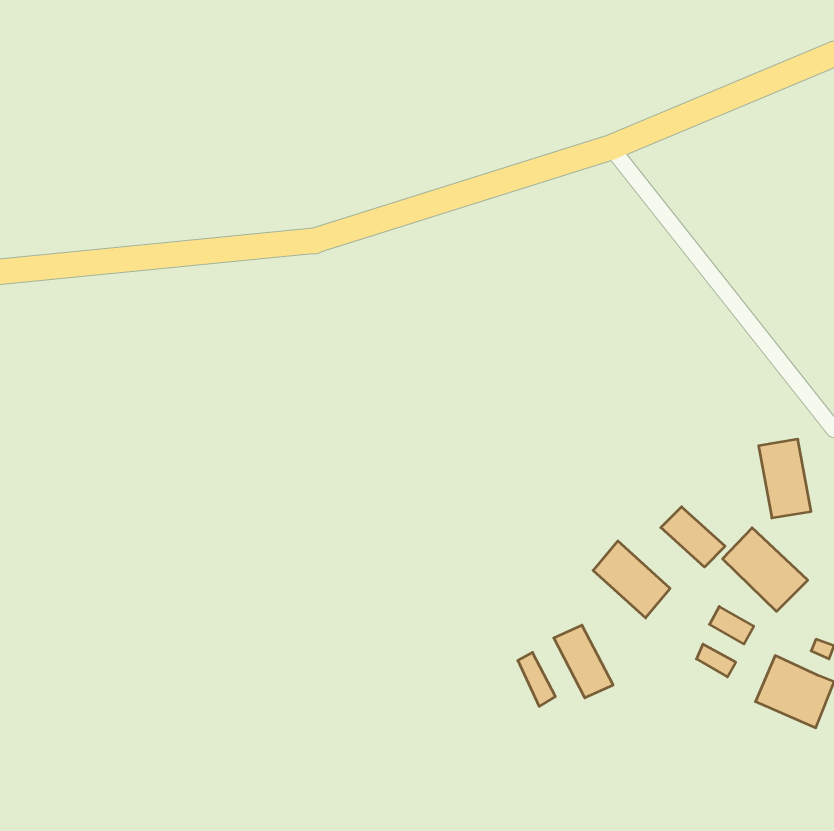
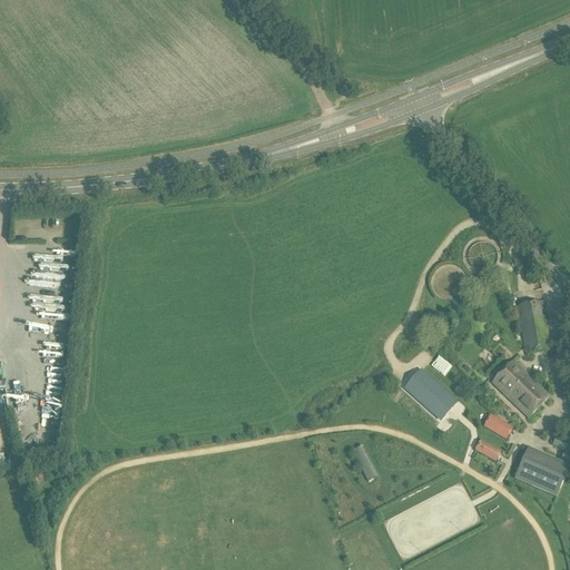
building: [661,507,725,567] -> none
building: [554,625,613,698] -> none

